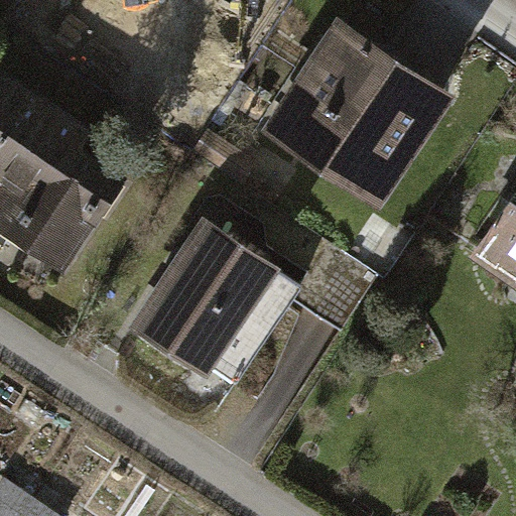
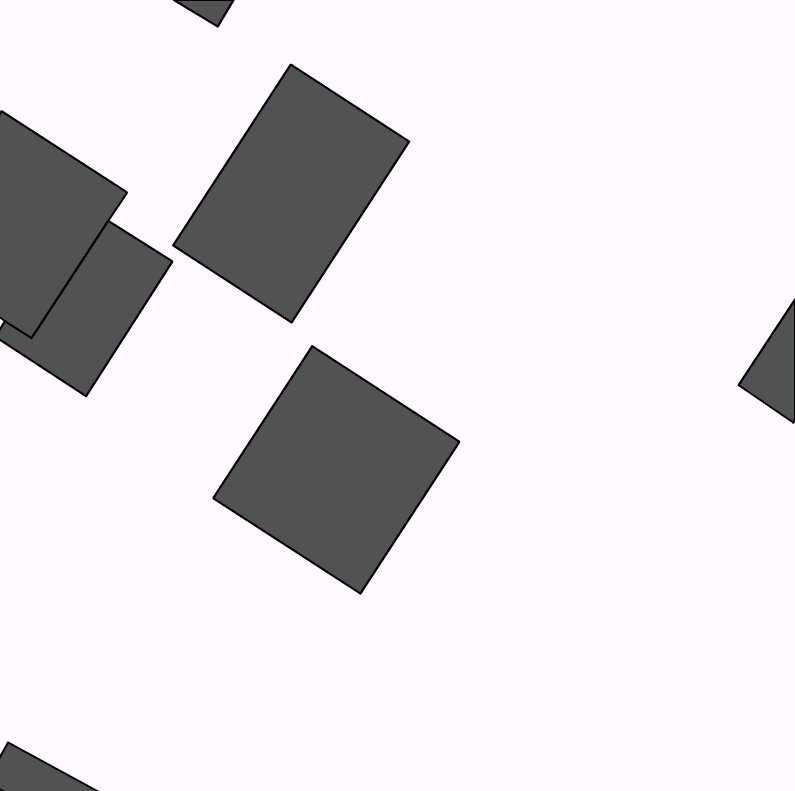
building: [266,27,438,199] -> none
building: none -> [173,65,409,323]

